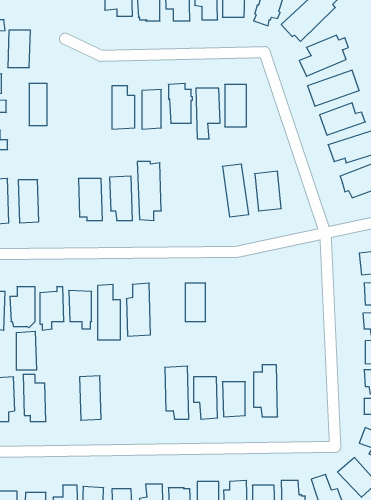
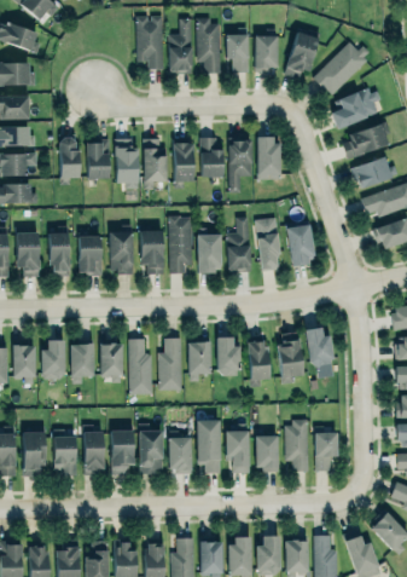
building: [8,30,30,68] -> [87,142,110,179]
building: none -> [115,139,139,187]
building: none -> [227,218,252,272]
building: none -> [198,235,222,275]
building: none -> [80,237,103,276]
building: none -> [306,327,336,370]
building: none -> [278,333,304,385]
building: none -> [249,341,268,380]
building: none -> [188,342,211,382]
building: [16,331,37,370] -> [85,432,105,471]
building: none -> [139,423,163,474]
building: none -> [315,433,339,473]
building: none -> [169,437,192,473]

